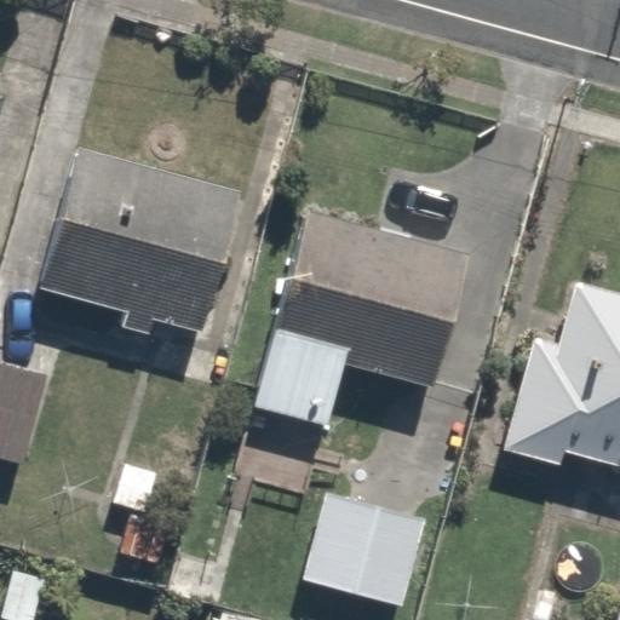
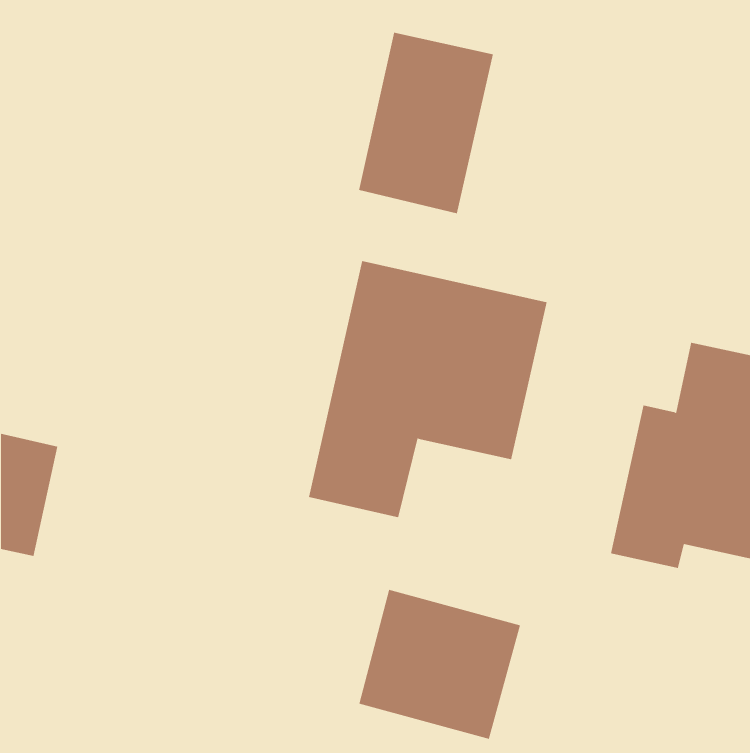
building: none -> [358,32,494,214]
building: [46,154,235,328] -> none

